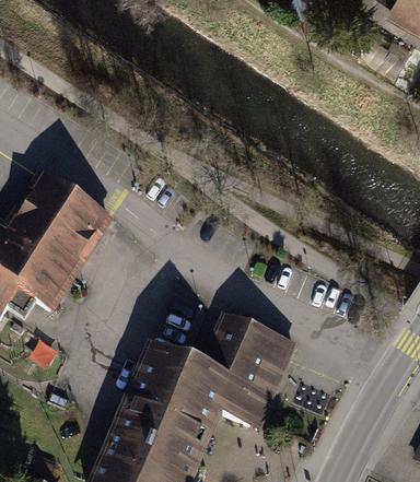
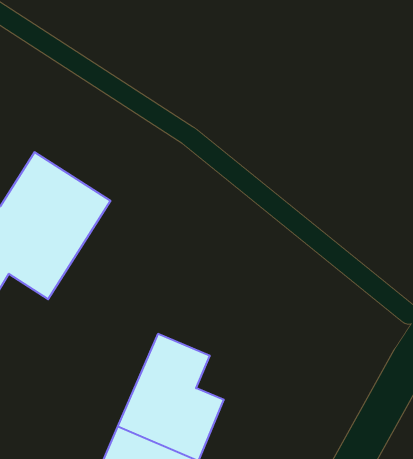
building: [191,315,293,426] -> none

